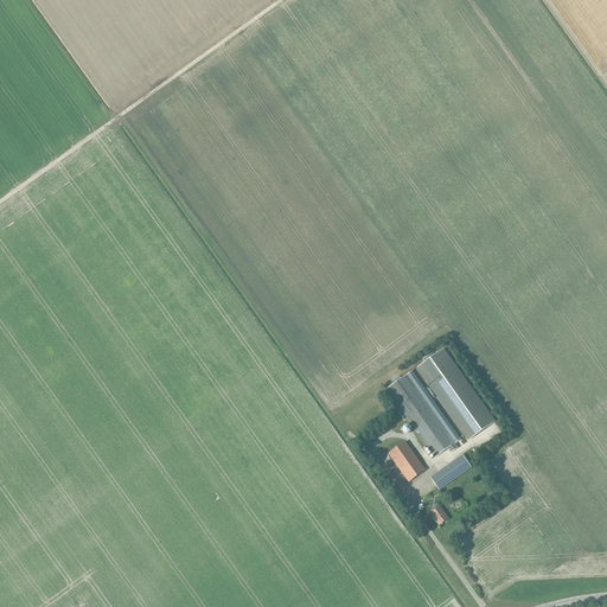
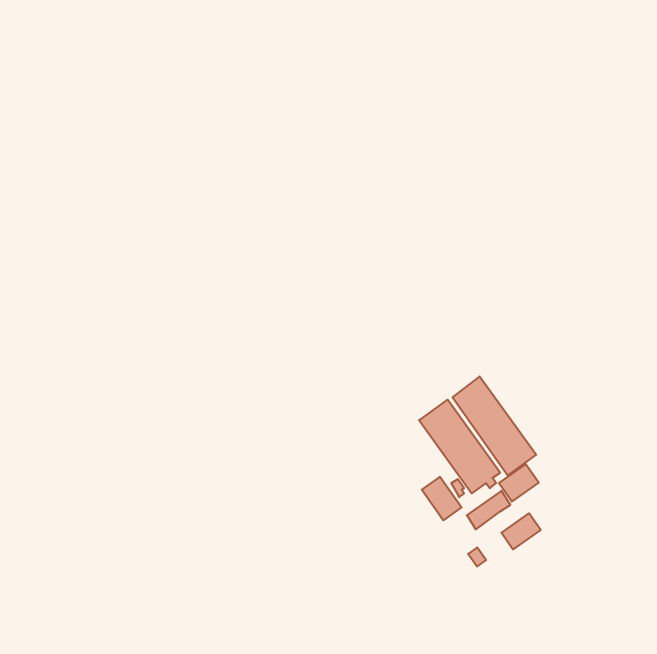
building: none -> [499,464,539,502]
building: none -> [501,513,541,549]

